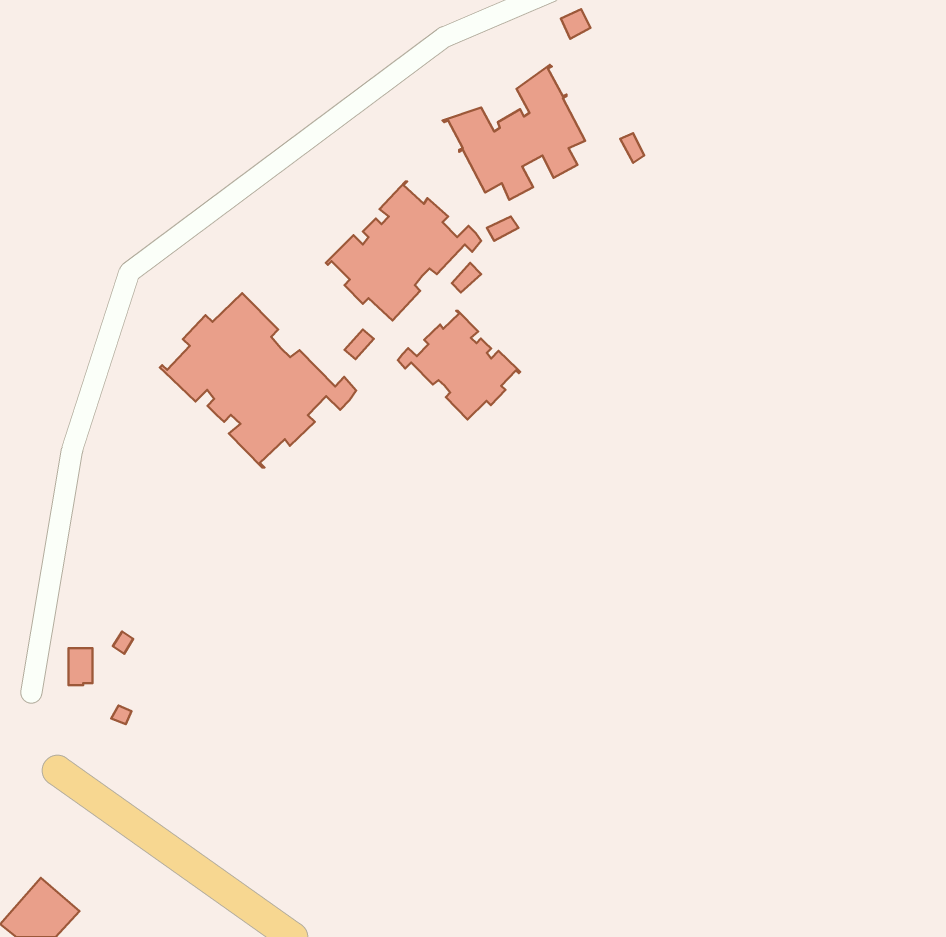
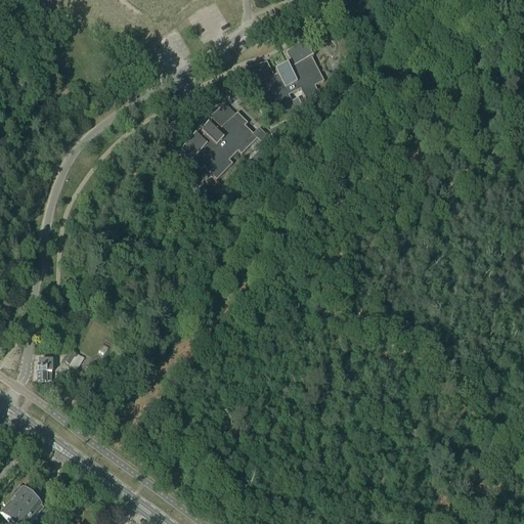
building: [160,293,356,468] -> none
building: [398,311,520,419] -> none

